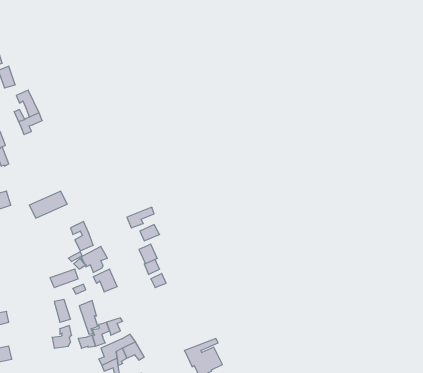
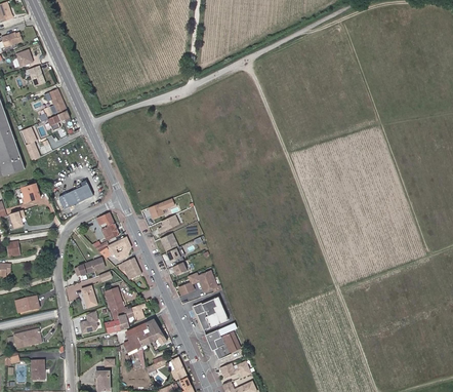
building: none -> [177,271,221,296]
building: none -> [192,297,228,330]

